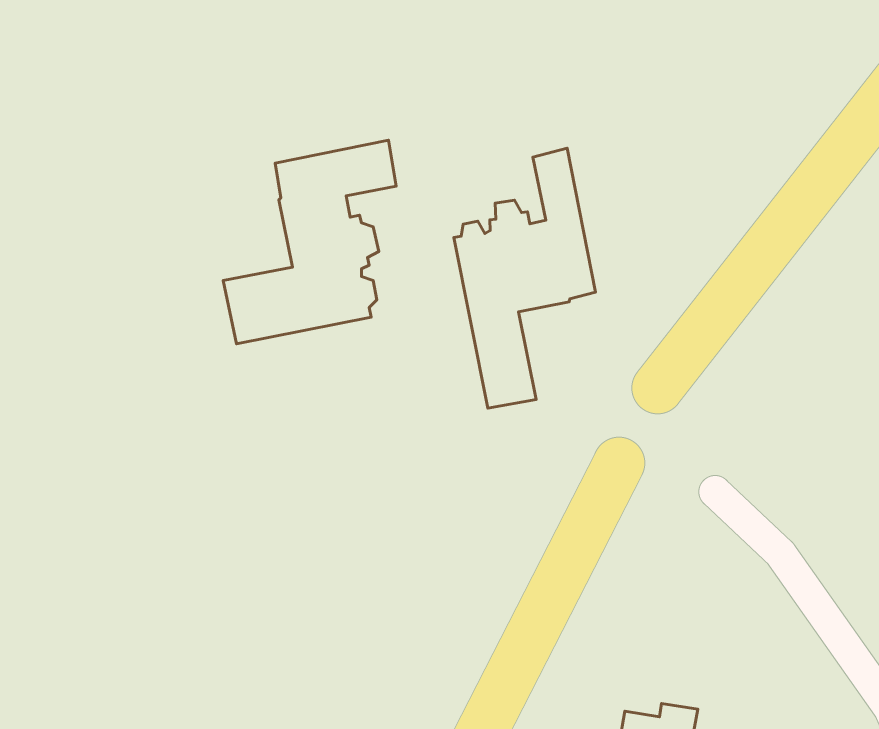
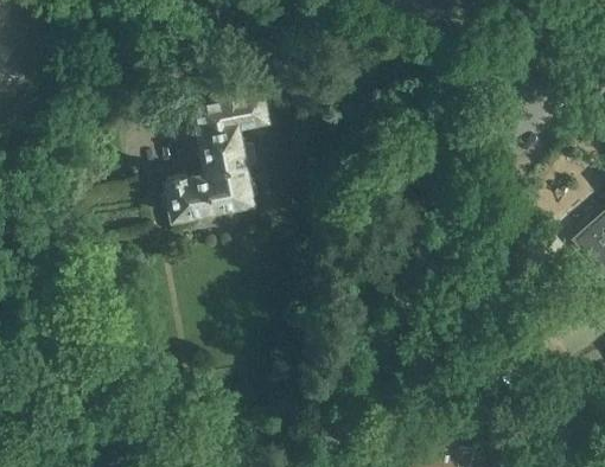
building: [454,148,596,408] -> none

